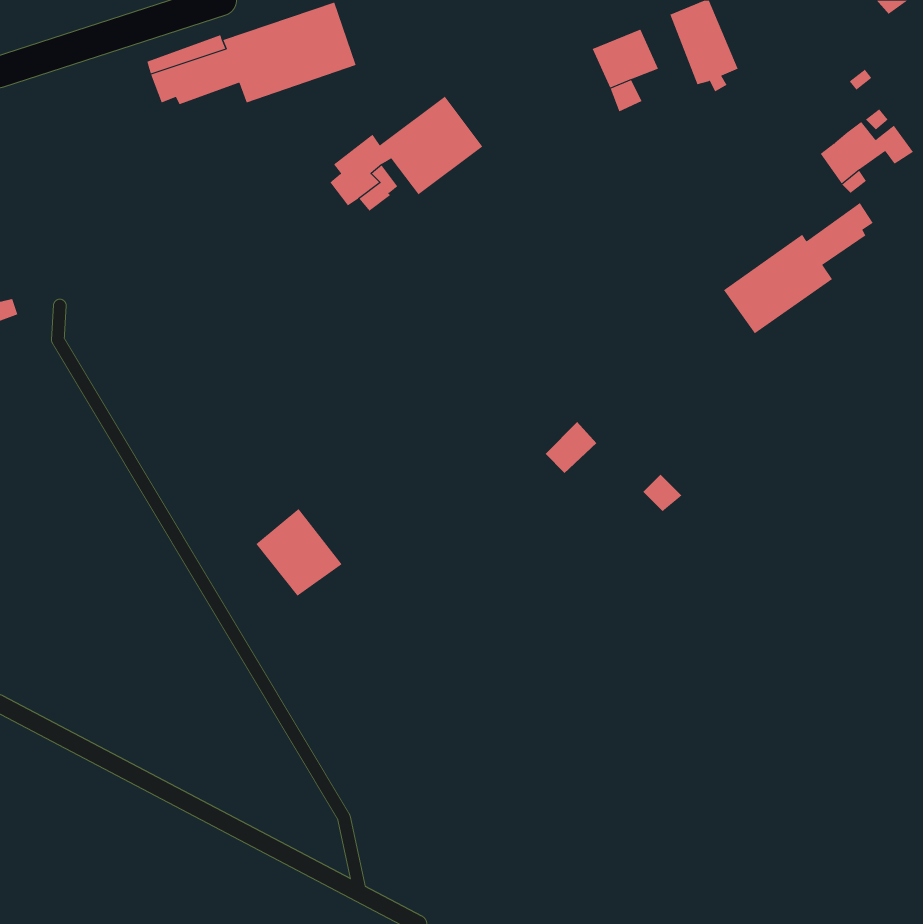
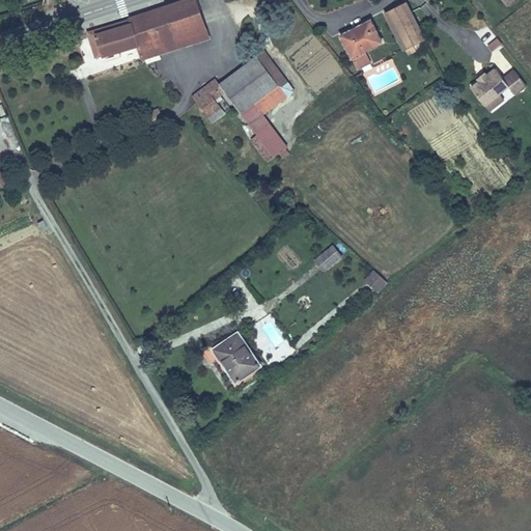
building: none -> [239,49,294,160]
building: [723,202,874,334] -> none
building: [256,508,342,597] -> [211,329,260,380]

